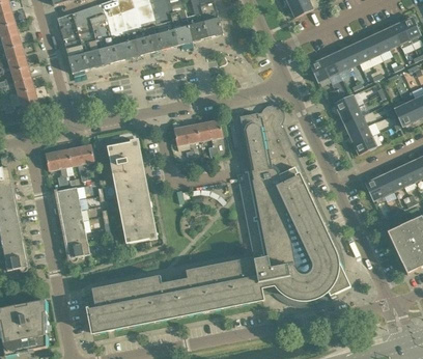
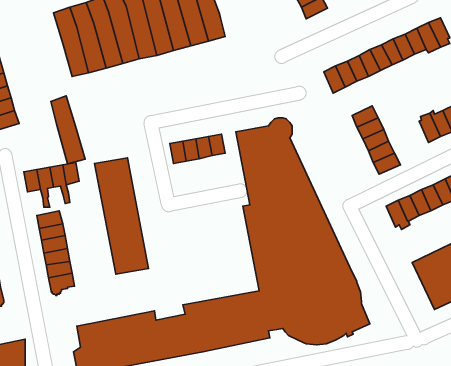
building: [57,12,87,73] -> [51,96,85,164]

